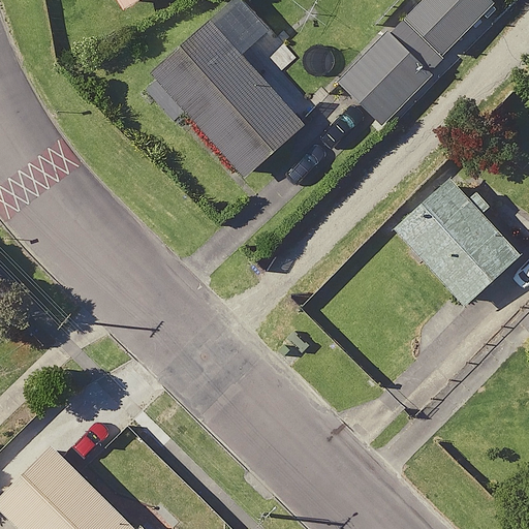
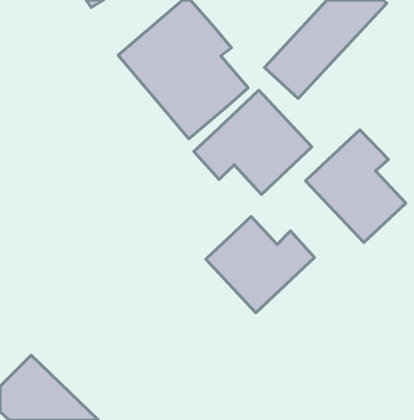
building: none -> [194,90,312,194]
building: none -> [206,216,314,313]

